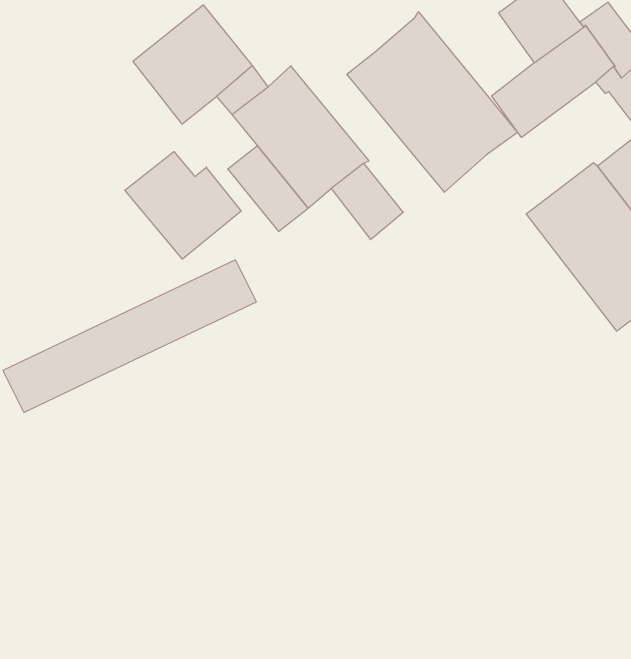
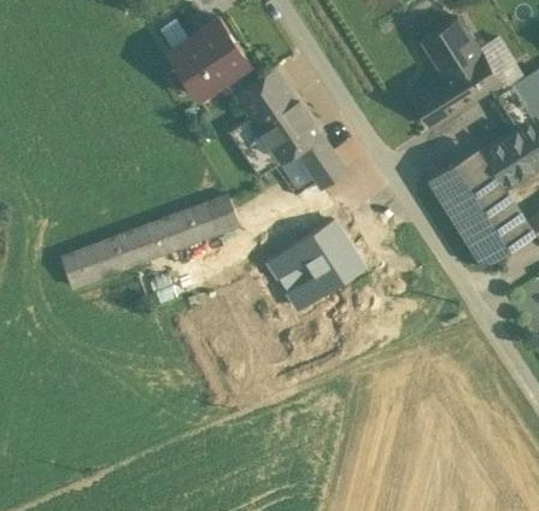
building: [347,12,518,192] -> none
building: [125,152,241,259] -> none
building: none -> [270,224,359,306]

